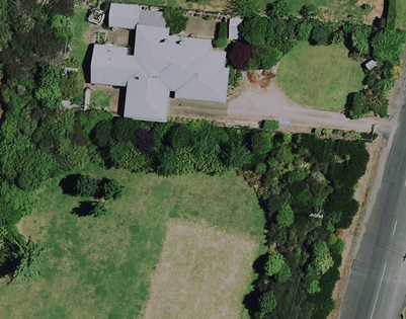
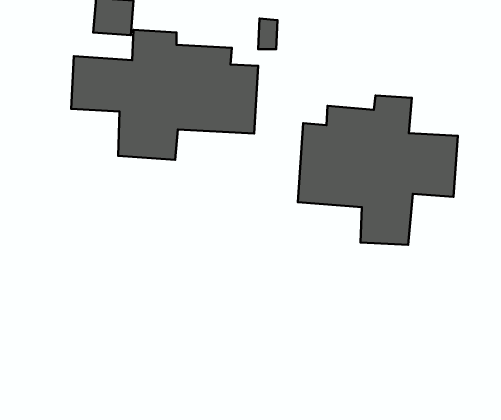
building: none -> [298,95,458,245]

